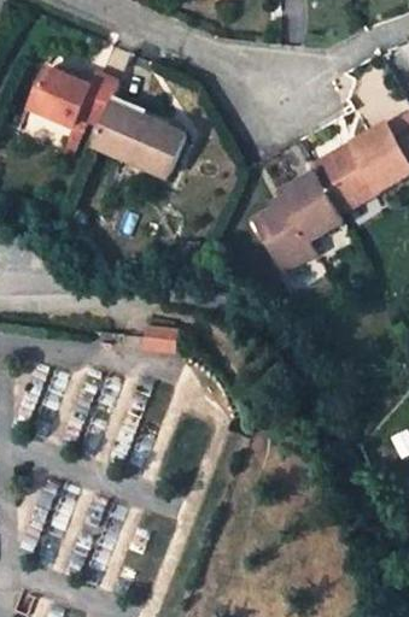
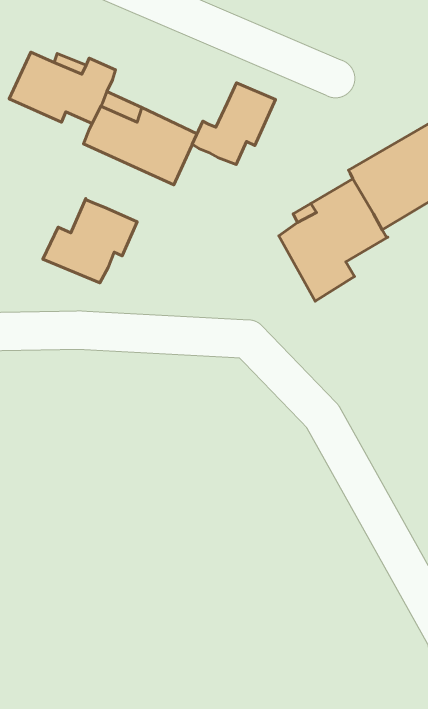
building: none -> [192,83,276,165]
building: none -> [43,199,137,283]

